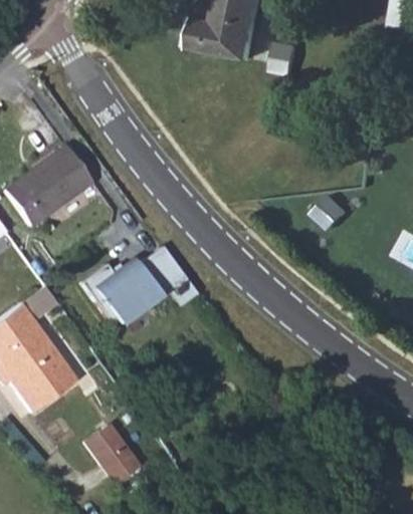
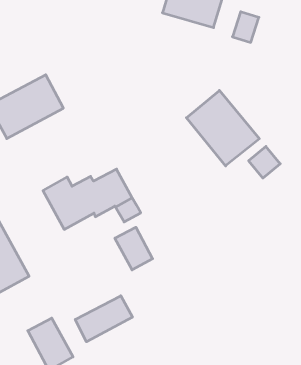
building: none -> [186,90,259,166]
building: none -> [115,227,153,270]
building: none -> [75,296,132,342]

